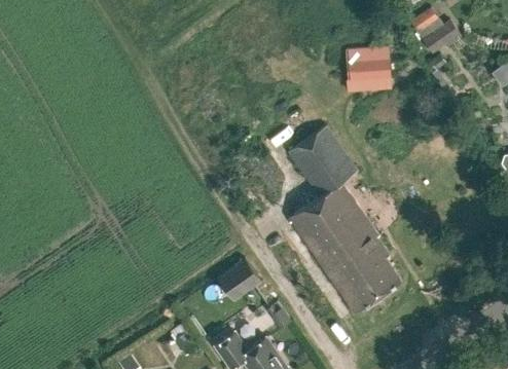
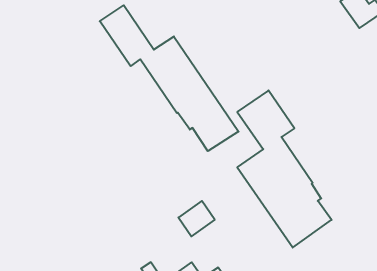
building: none -> [100,5,239,151]
building: [344,46,391,93] -> none

